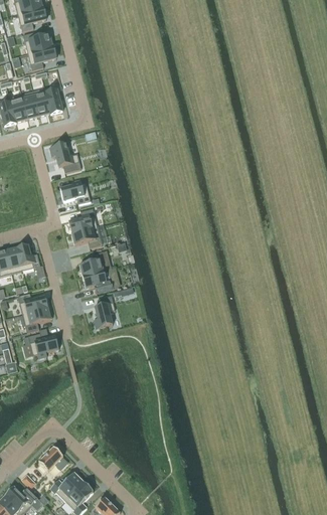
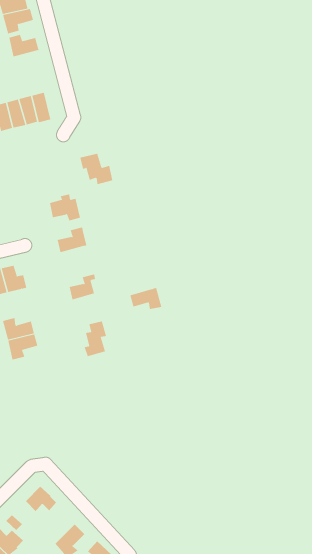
building: [27,46,56,70] -> none
building: [48,143,79,172] -> [79,153,113,185]
building: [70,226,101,247] -> none
building: [81,270,112,290] -> [130,288,162,309]
building: [28,334,57,358] -> none
building: [49,474,84,501] -> none

